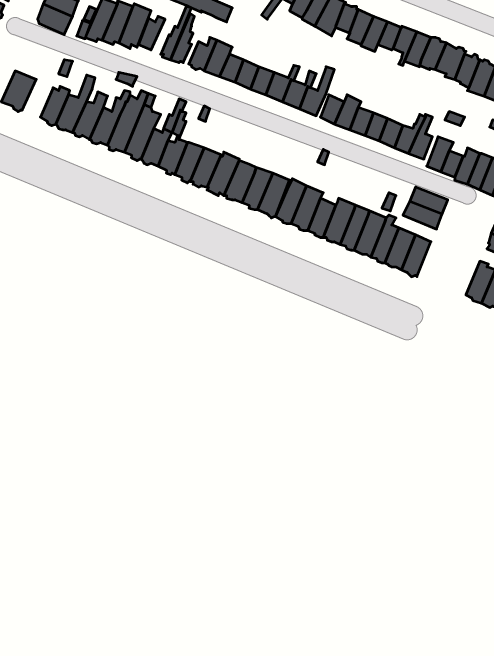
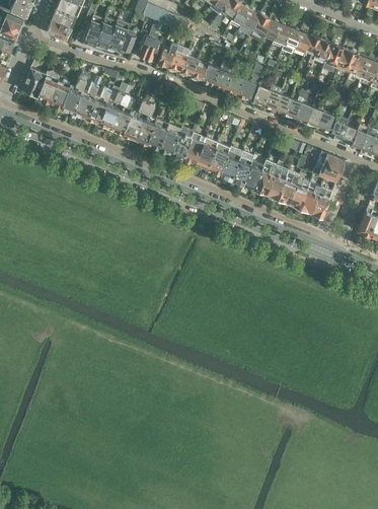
building: none -> [35,69,59,101]

